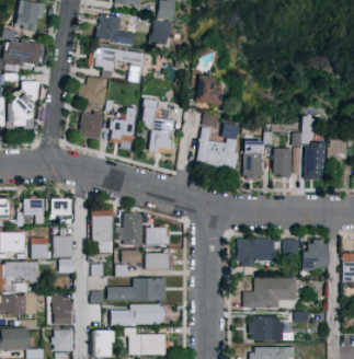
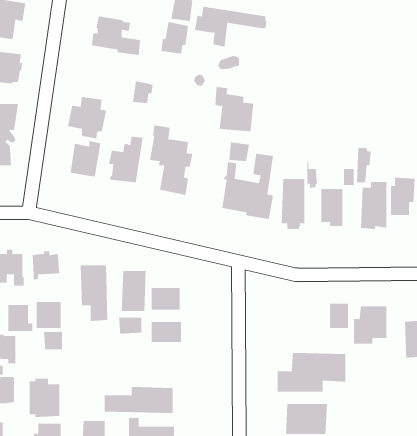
building: [91,47,148,79] -> [194,6,268,47]
building: [236,238,275,265] -> none
building: [106,276,164,299] -> none

